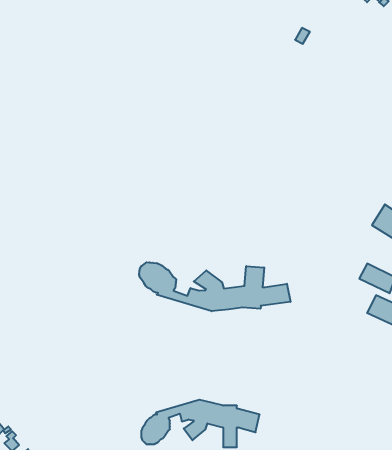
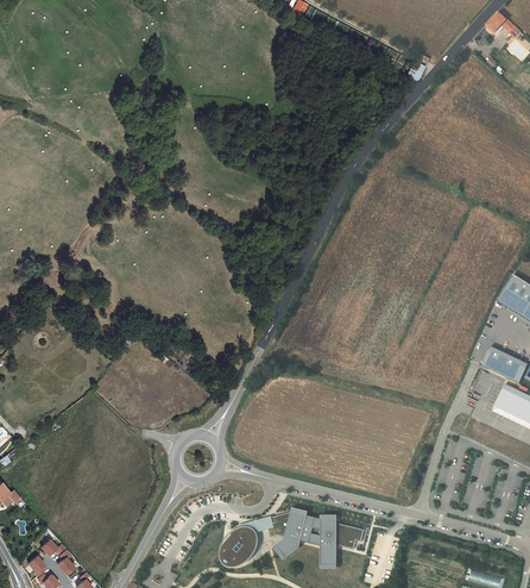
building: [139,262,290,311] -> none

